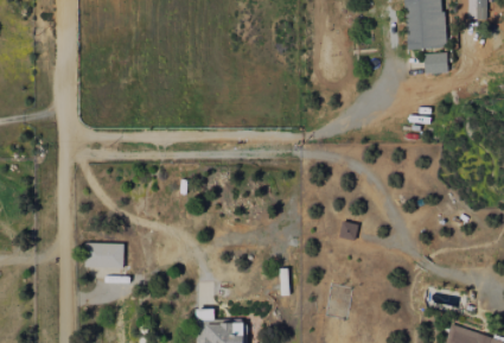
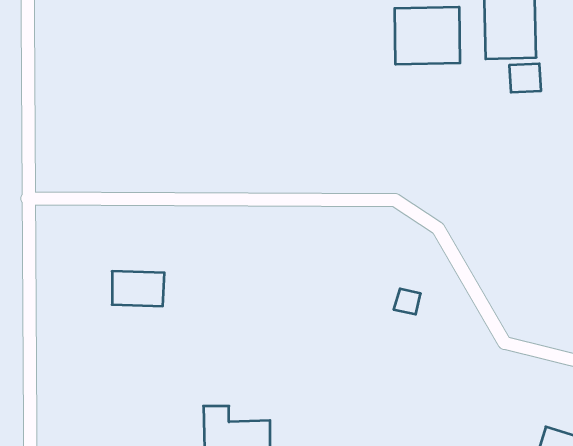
building: none -> [395,7,460,64]
building: [85,242,125,268] -> [112,271,164,306]

